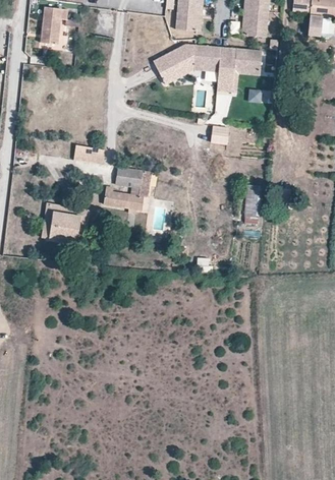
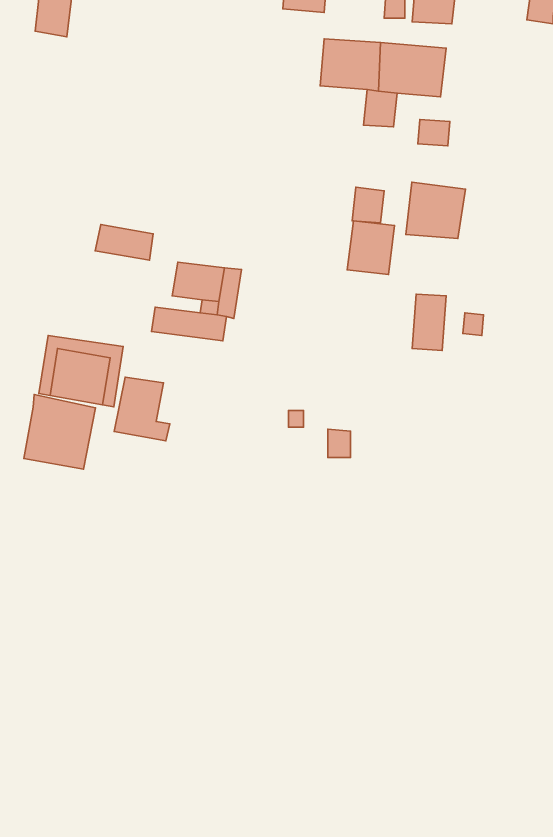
building: [153,44,197,83] -> none
building: none -> [406,182,465,239]
building: none -> [347,221,395,275]
building: none -> [114,377,170,441]
building: none -> [24,395,96,469]

